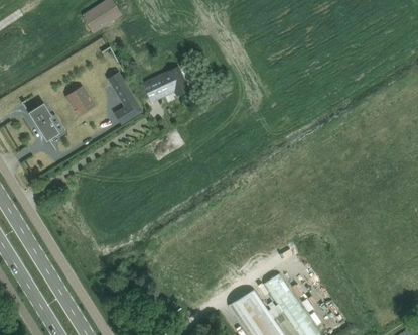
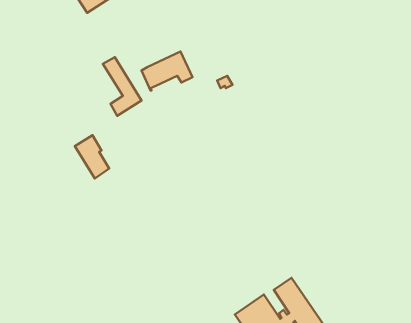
building: [65,87,95,118] -> none
building: [28,104,59,143] -> [75,135,109,178]

